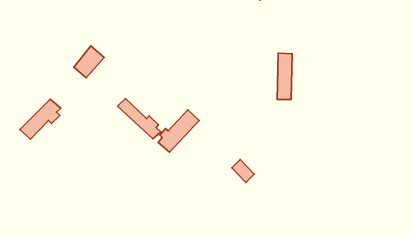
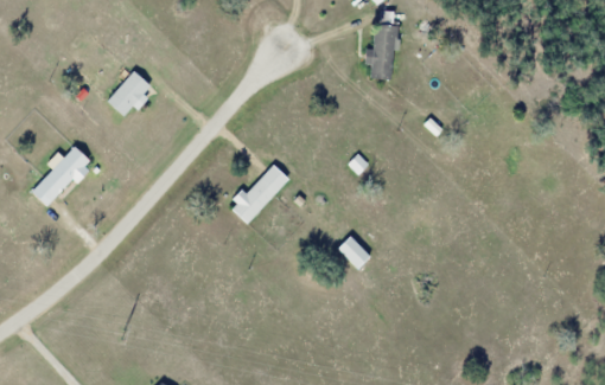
building: [277,53,292,100] -> [375,11,396,78]
building: [117,98,161,139] -> none

